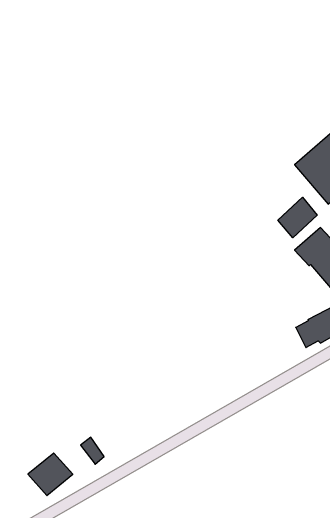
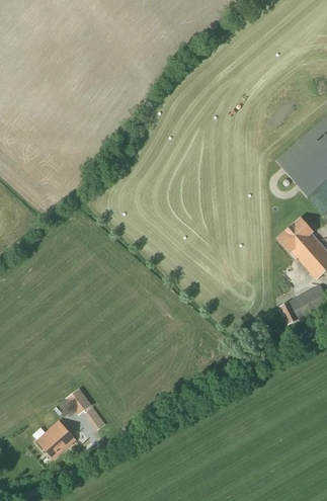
building: [278,197,317,238] -> none
building: none -> [65,388,92,415]

